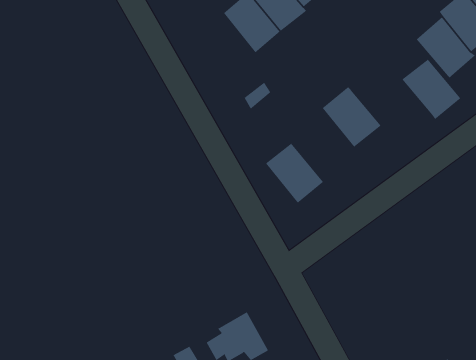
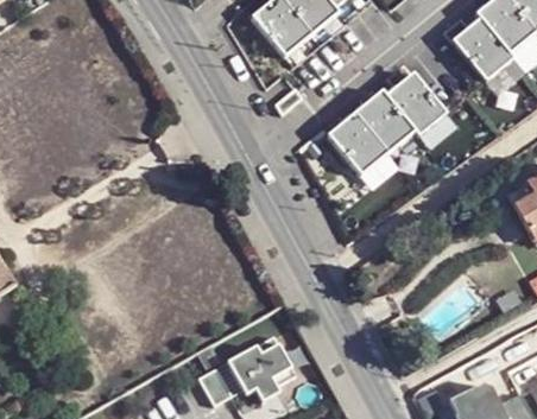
building: [402,59,461,120] -> [386,77,448,140]
building: [265,143,324,204] -> [328,118,388,180]

